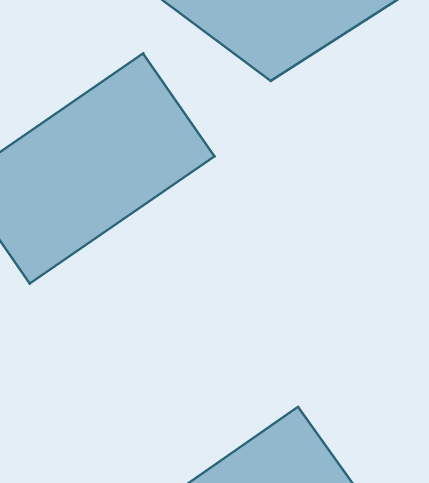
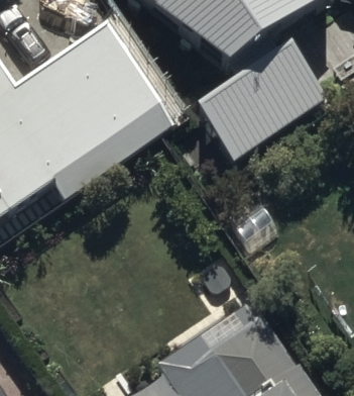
building: none -> [195,44,327,163]

